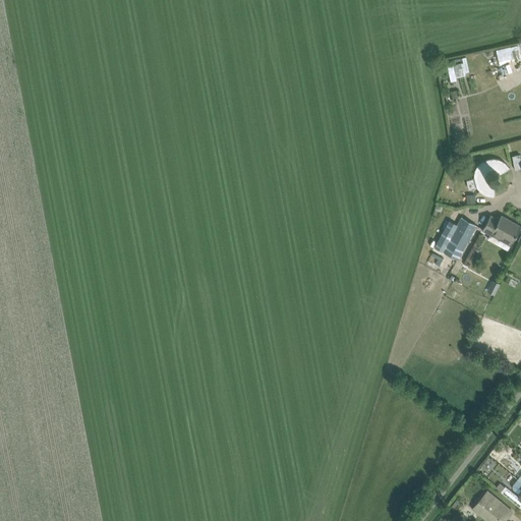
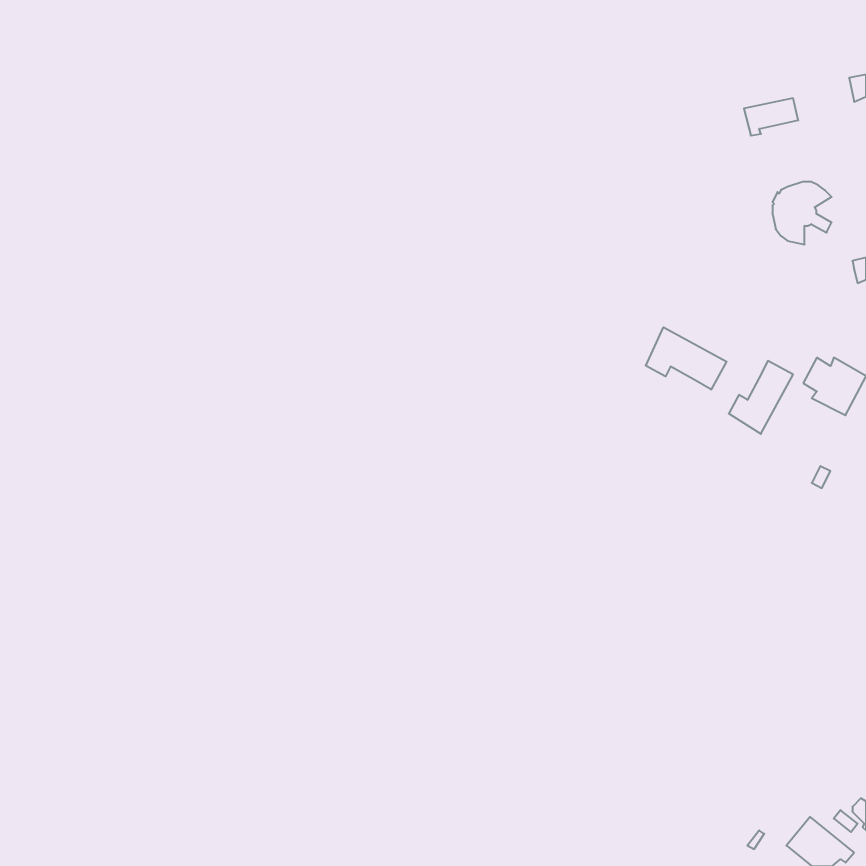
building: [474,159,510,196] -> [772,182,832,244]
building: none -> [646,327,727,390]

